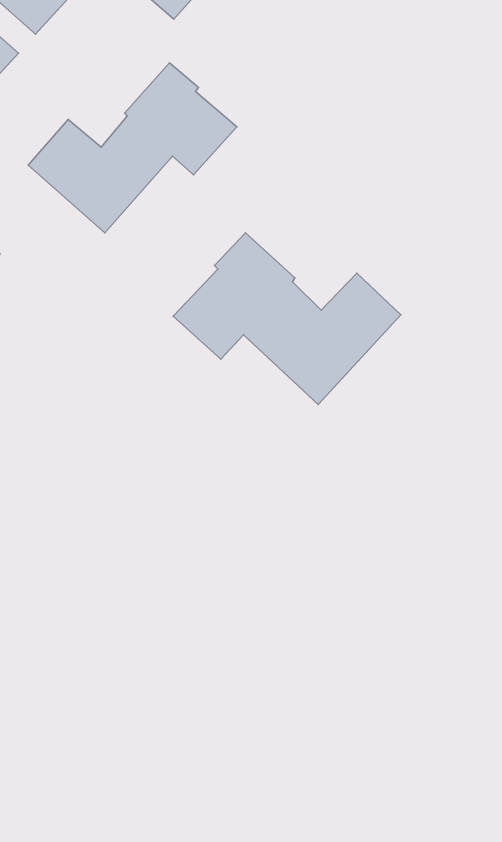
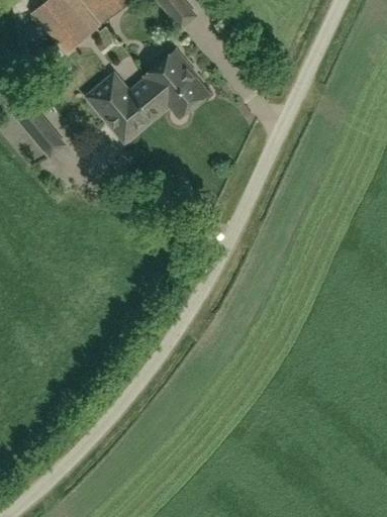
building: [173,233,401,404] -> none

